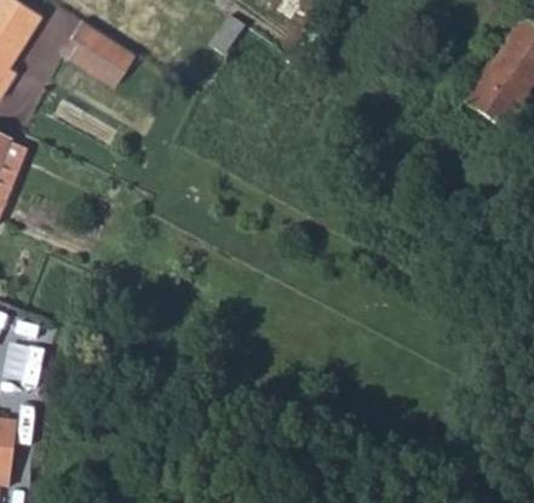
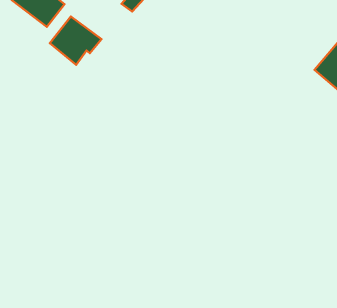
building: none -> [50,16,101,65]

